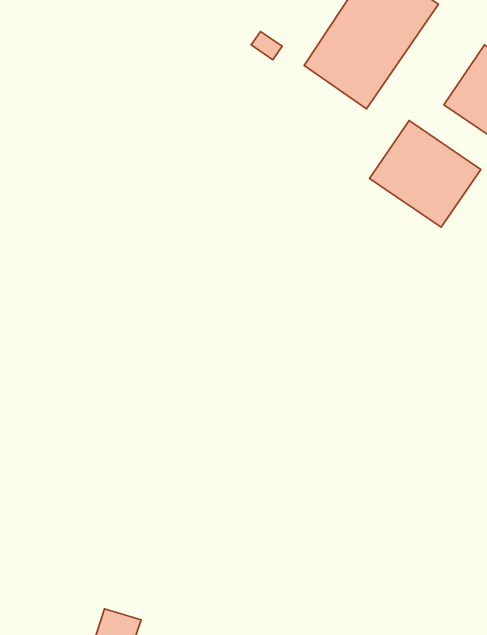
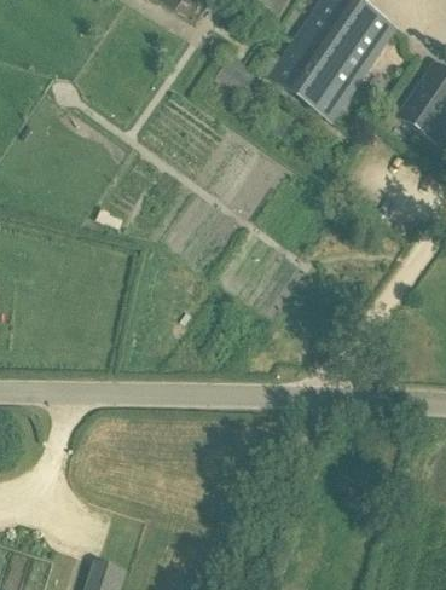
building: [370,121,481,227] -> none

